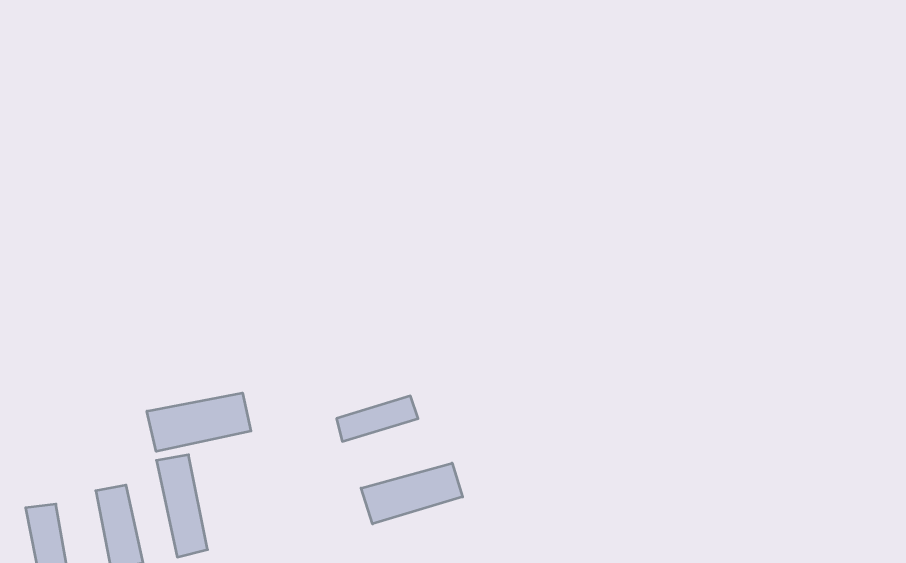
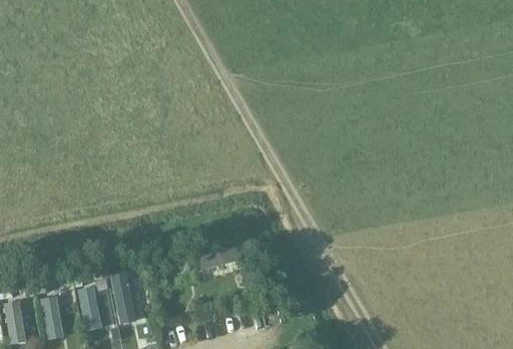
building: [147,393,251,451] -> none
building: [361,463,463,524] -> none

